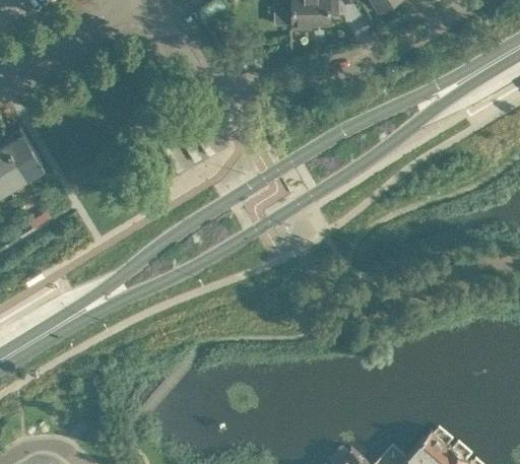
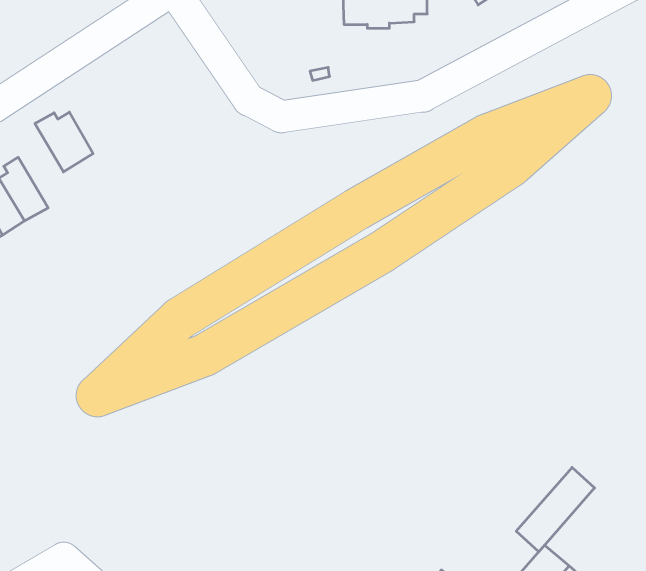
building: none -> [35,112,93,172]
building: none -> [516,467,595,552]

